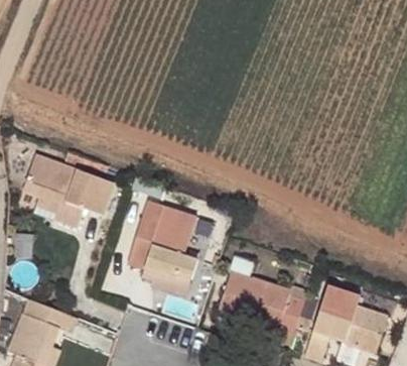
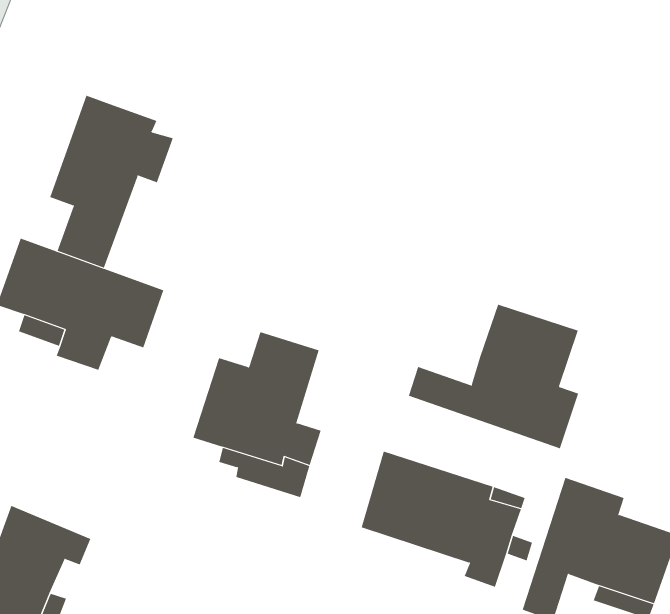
building: none -> [50,95,174,268]
building: none -> [408,304,579,449]

